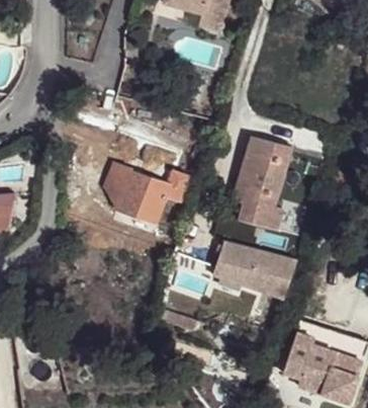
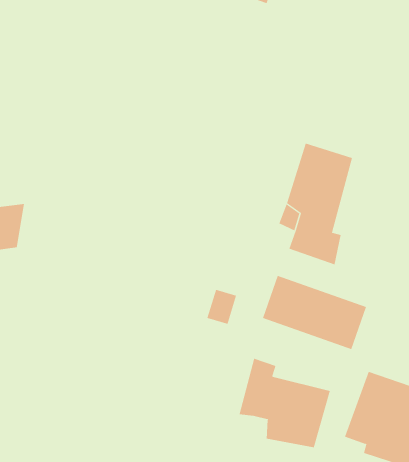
building: [108,161,189,239] -> none
building: none -> [239,358,330,448]

